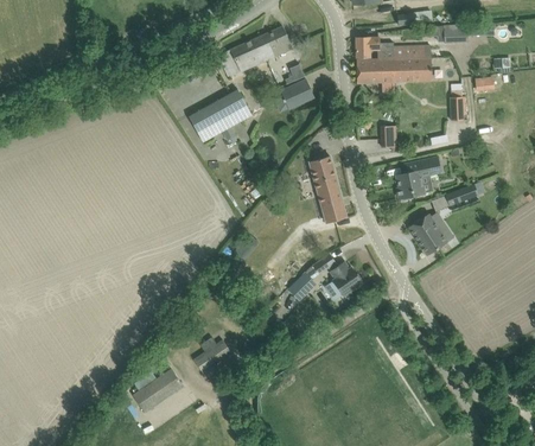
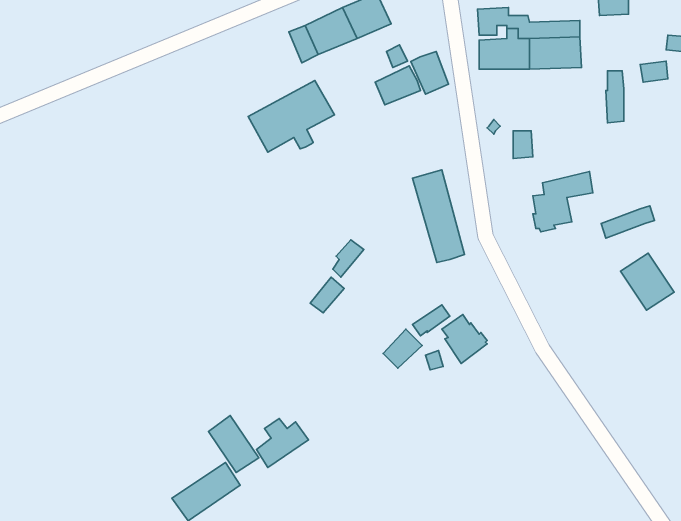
building: none -> [411,52,449,94]
building: [408,214,447,255] -> [621,253,674,310]
building: none -> [208,416,259,472]

